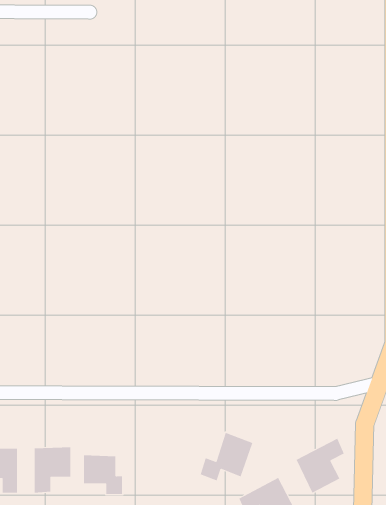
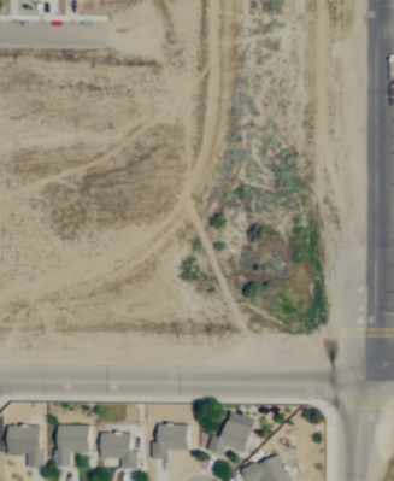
building: [296,438,344,494] -> none
building: none -> [151,423,188,459]

